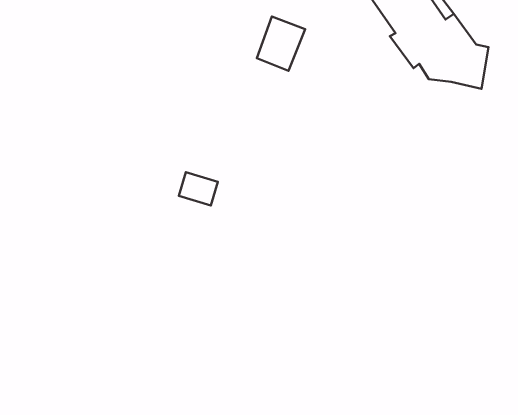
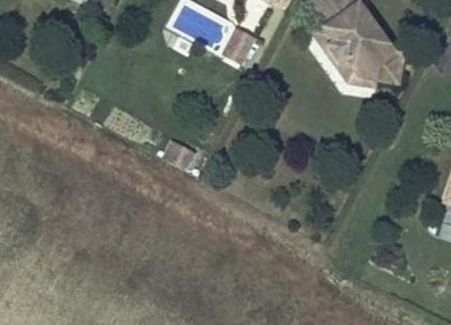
building: none -> [310,24,371,85]

